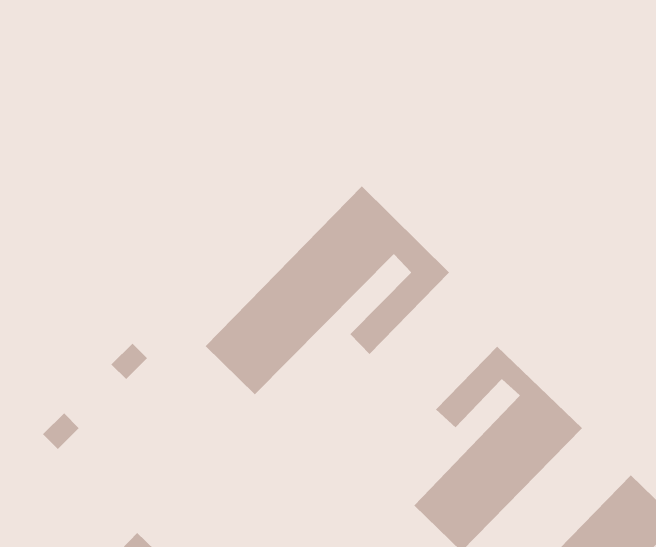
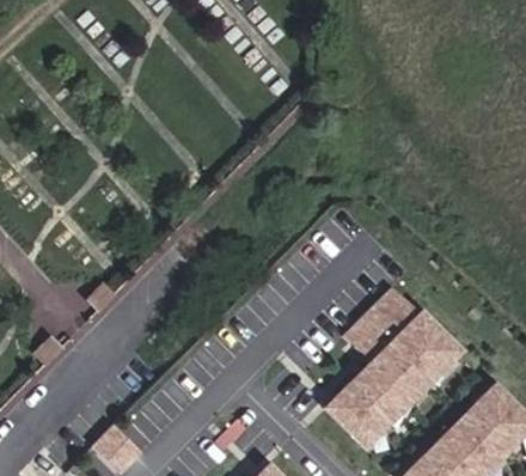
building: [205,186,450,395] -> none

